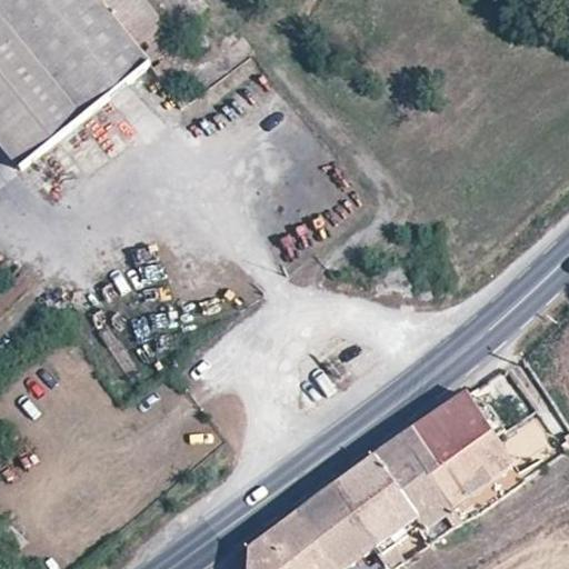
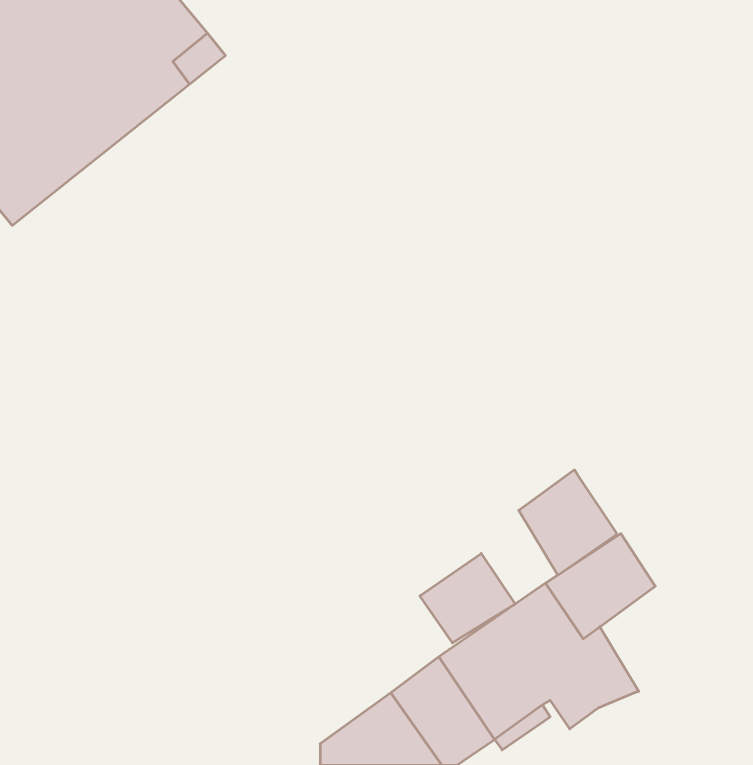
building: none -> [420,553,515,643]
building: [443,433,516,511] -> [519,470,616,575]

